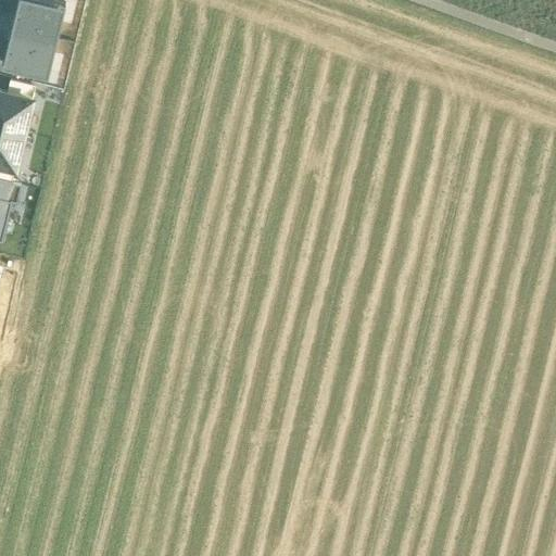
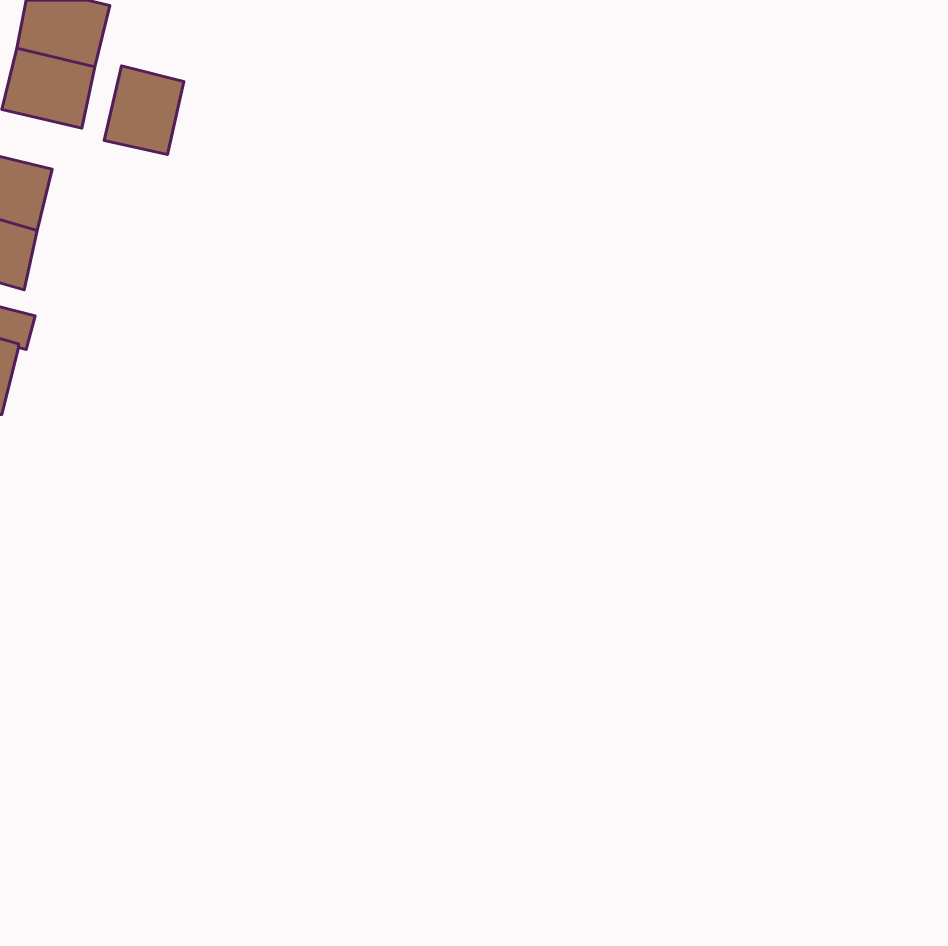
building: none -> [104,66,184,155]

